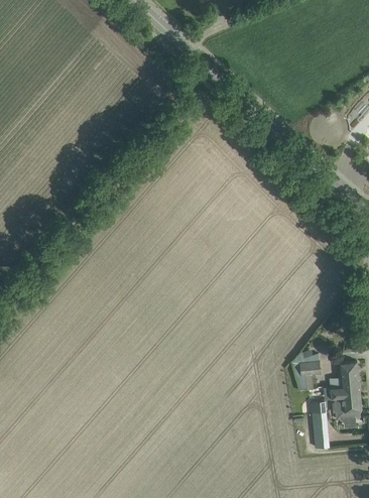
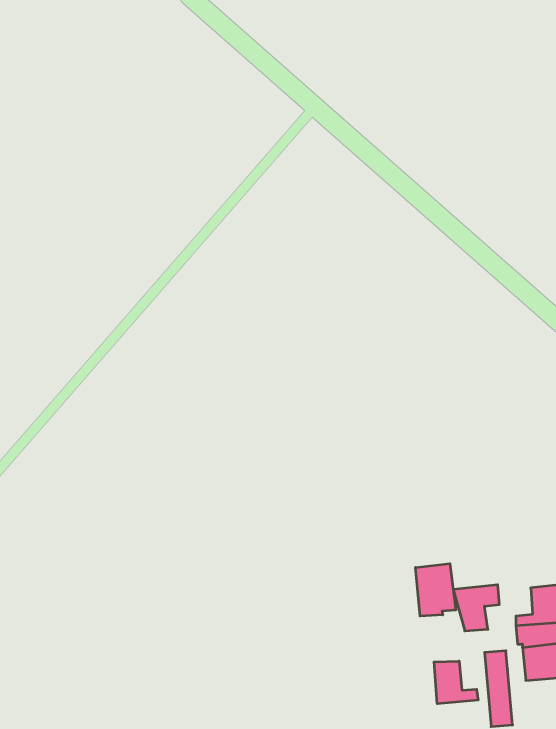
building: none -> [416,564,456,616]
building: none -> [434,661,478,704]

